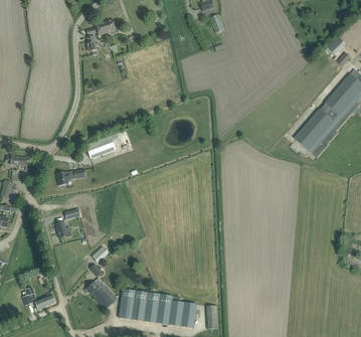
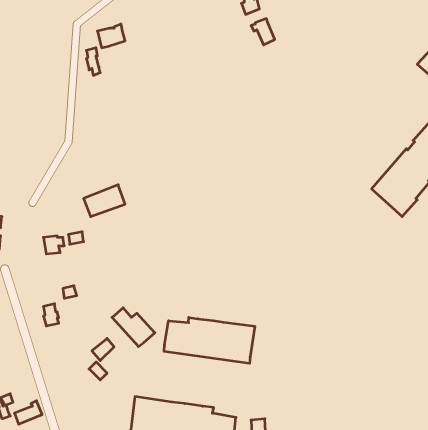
building: none -> [164,317,255,363]
building: [86,281,118,309] -> [112,308,155,347]

